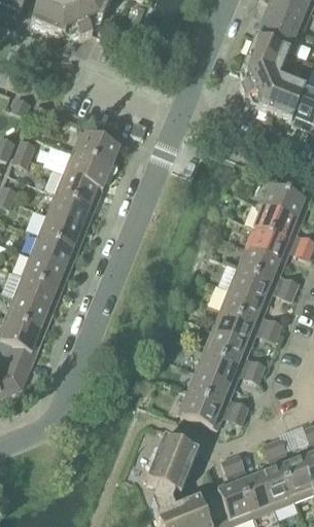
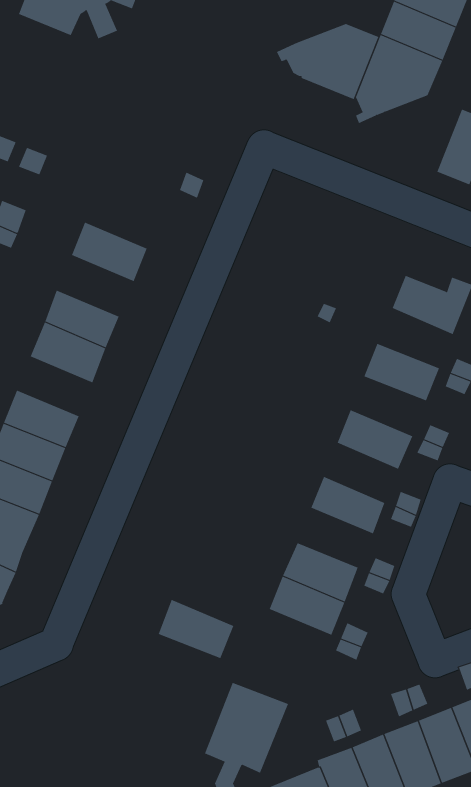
building: [242,73,306,120] -> [276,23,379,100]
building: [72,130,119,168] -> none
building: [55,172,103,210] -> none
building: [253,205,301,242] -> none
building: [30,235,77,272] -> none
building: [237,247,284,284] -> none
building: [220,288,267,325] -> none
building: [204,328,251,365] -> none
building: [178,391,225,428] -> [158,599,234,659]

